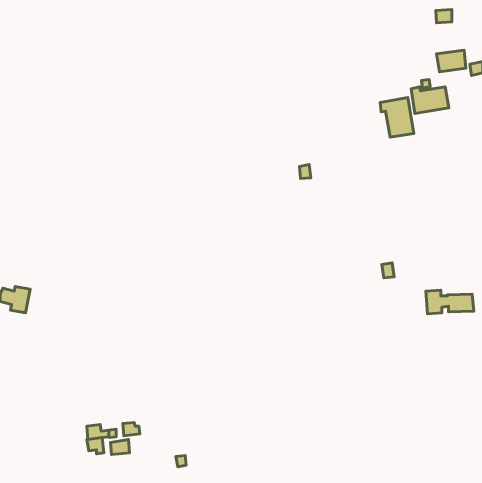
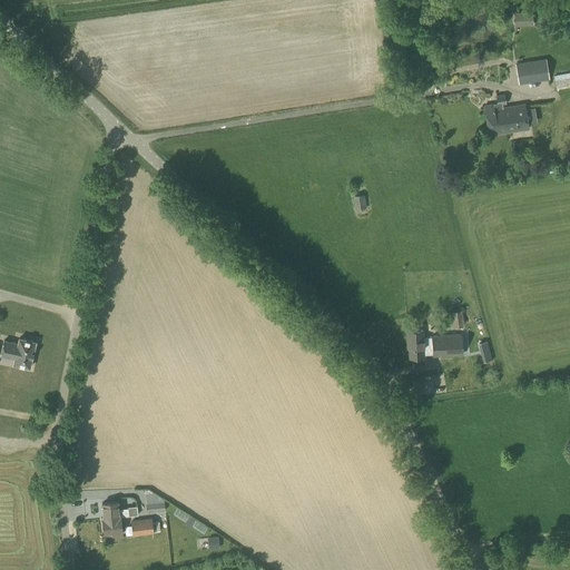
building: [380,98,414,137] -> none
building: [426,290,474,314] -> [407,330,464,357]

